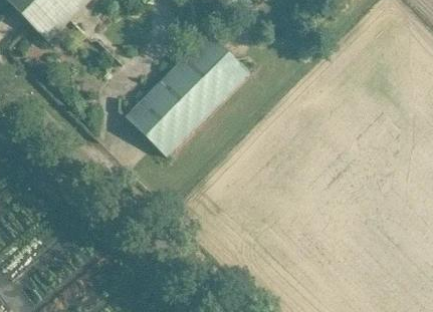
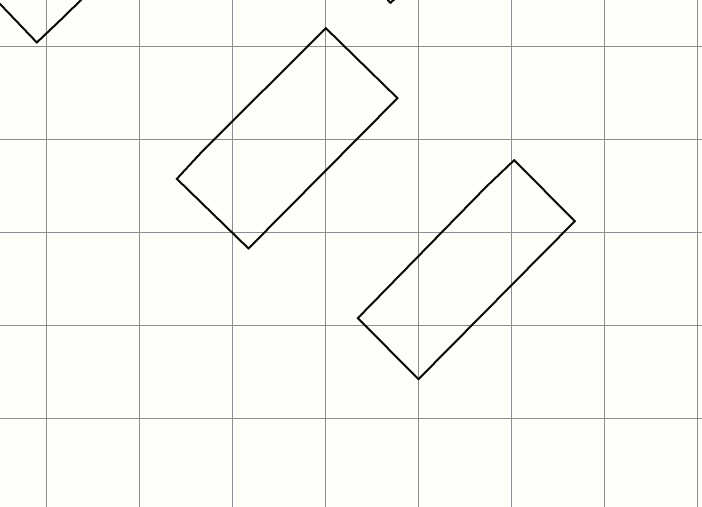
building: none -> [358,160,575,379]

